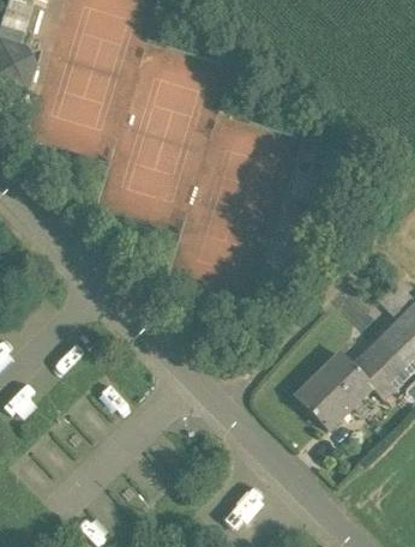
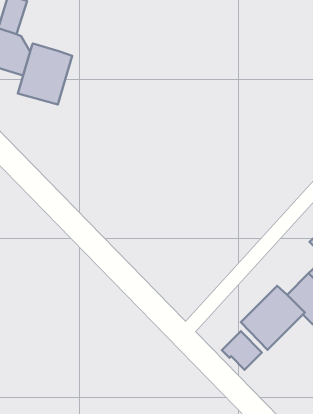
building: none -> [18,43,72,105]
building: none -> [222,331,262,370]

